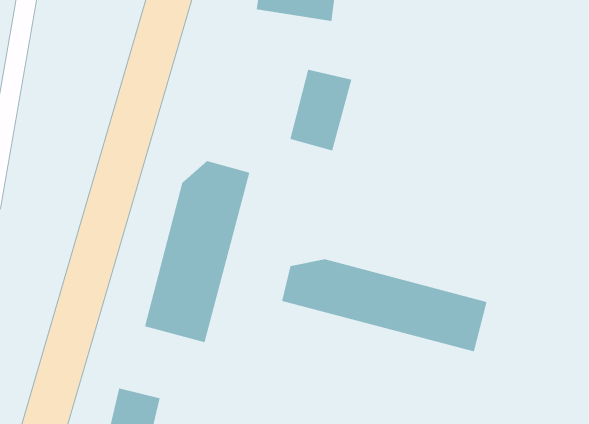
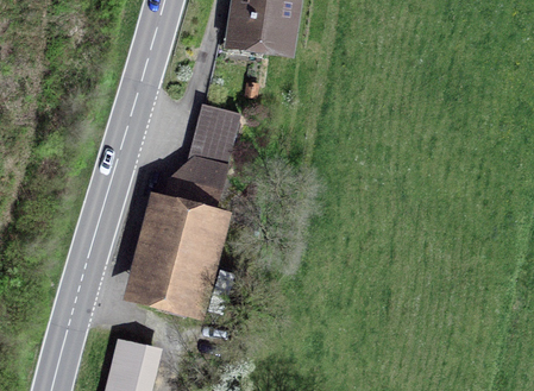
building: [290,69,352,151] -> [189,105,239,170]
building: [281,258,487,352] -> none

